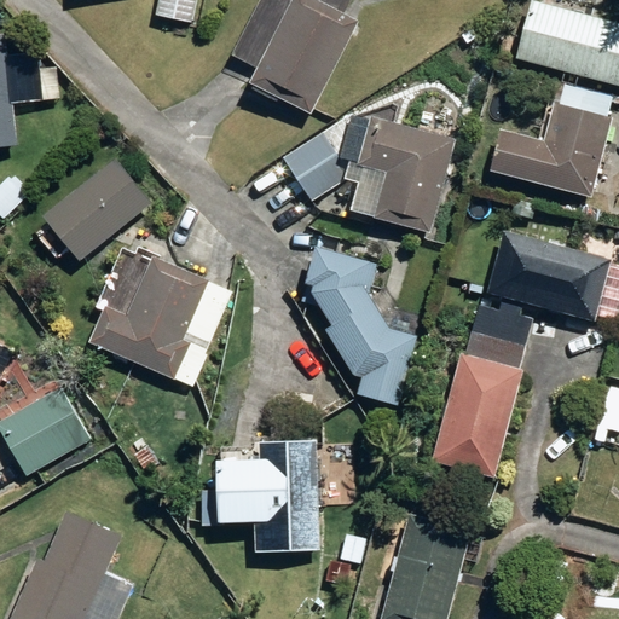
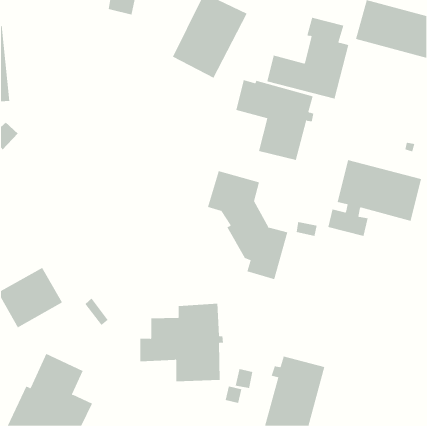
building: [491,77,611,196] -> [267,17,349,99]
building: [283,133,348,201] -> none
building: [41,157,149,259] -> none
building: [88,247,231,386] -> none
building: [433,329,527,475] -> none

